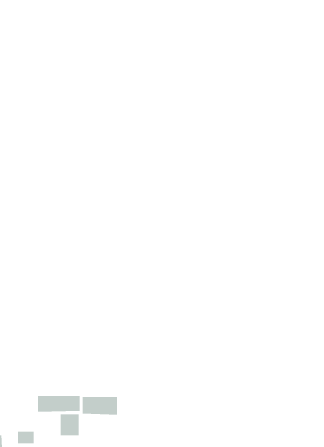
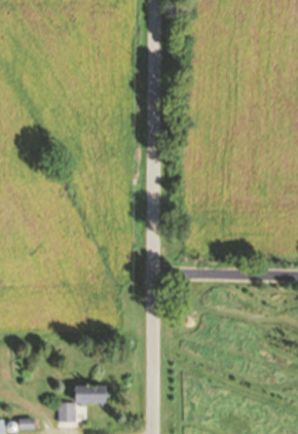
building: [37,395,80,413] -> none

